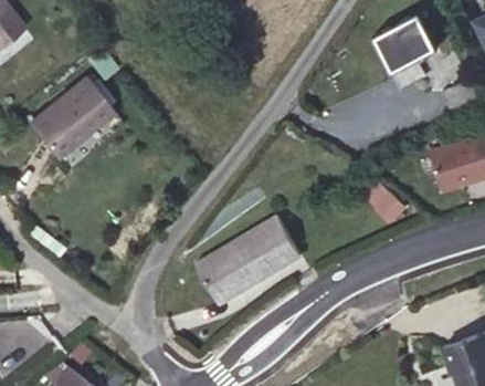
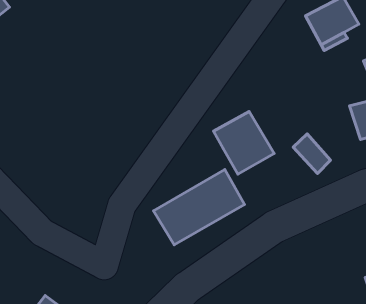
building: [28,76,114,158] -> none
building: none -> [214,111,274,174]

